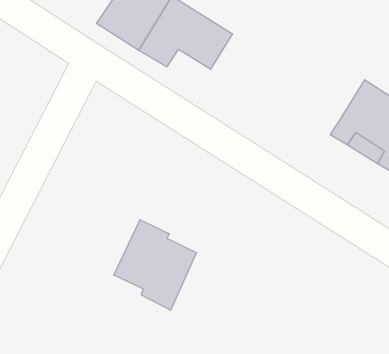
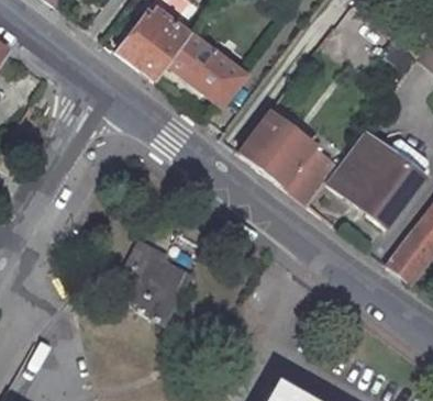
building: none -> [238,110,337,204]

